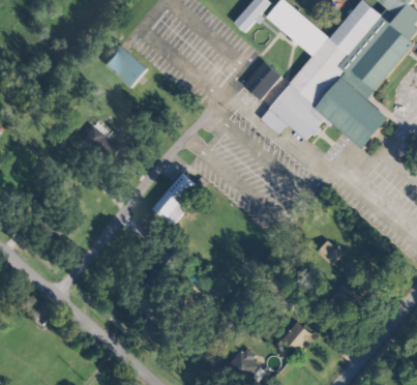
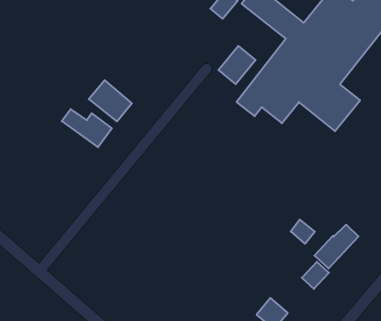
building: [102,45,147,87] -> [89,80,132,121]
building: [152,173,202,226] -> none
building: none -> [314,225,359,269]

